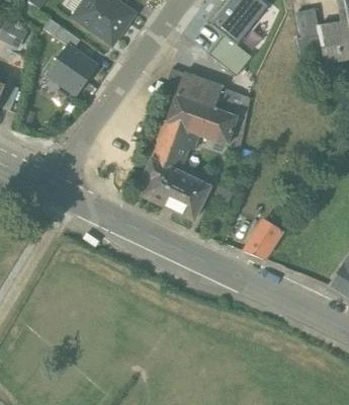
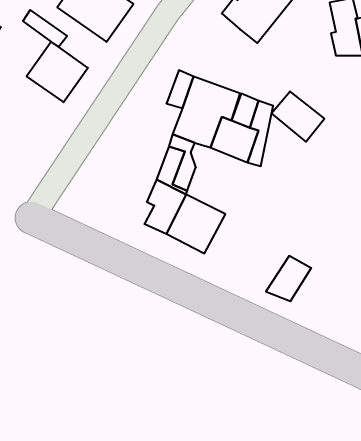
building: [207,34,251,76] -> [272,91,324,142]

